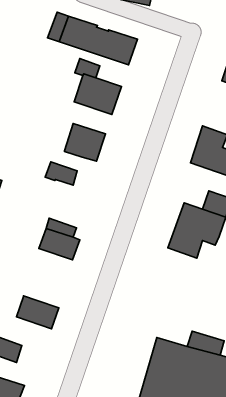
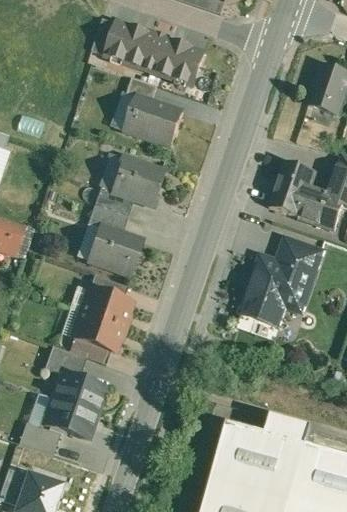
building: none -> [96,186,135,215]
building: none -> [91,226,141,273]
building: none -> [73,312,123,350]
building: none -> [45,345,87,377]
building: none -> [45,397,97,438]

